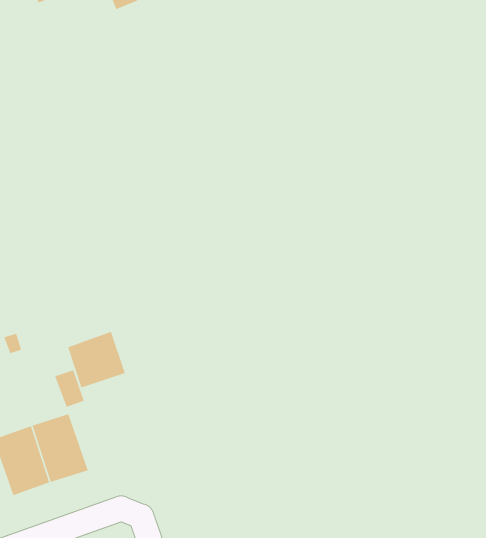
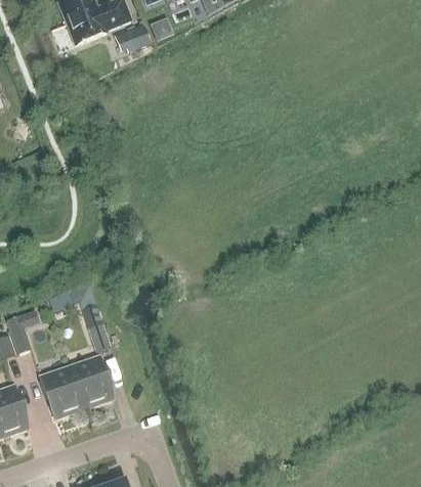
building: [67,331,126,388] -> none

